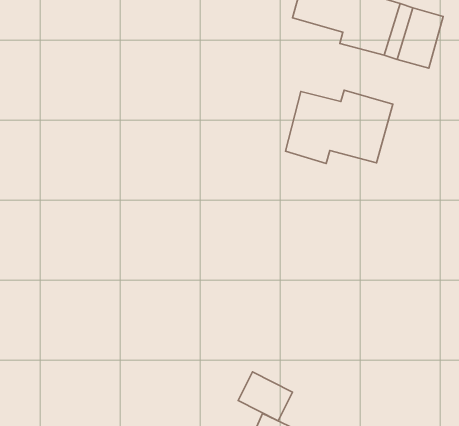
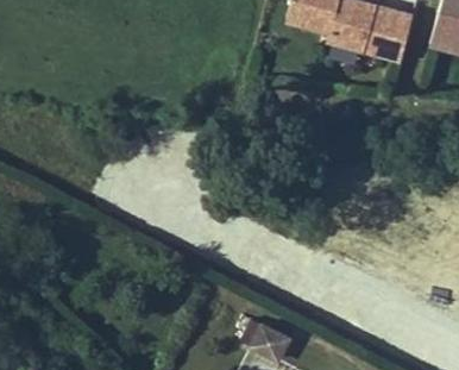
building: [286,90,393,163] -> none

